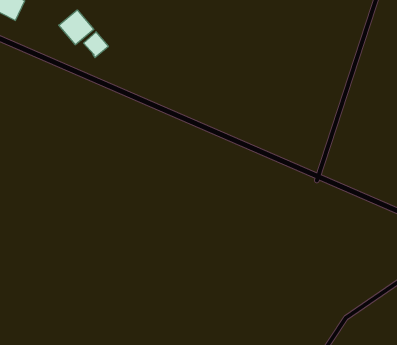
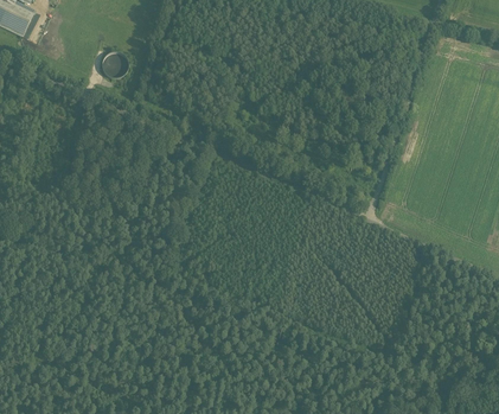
building: [59,10,94,45] -> none

